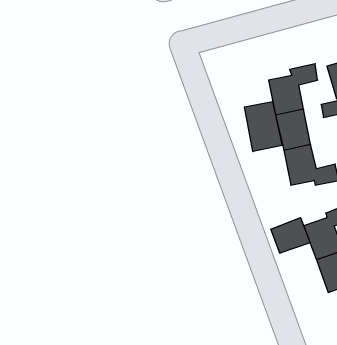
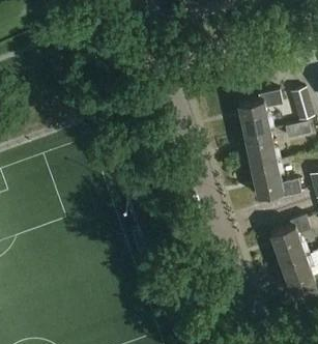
building: [244,101,282,152] -> none
building: [271,218,310,253] -> none

